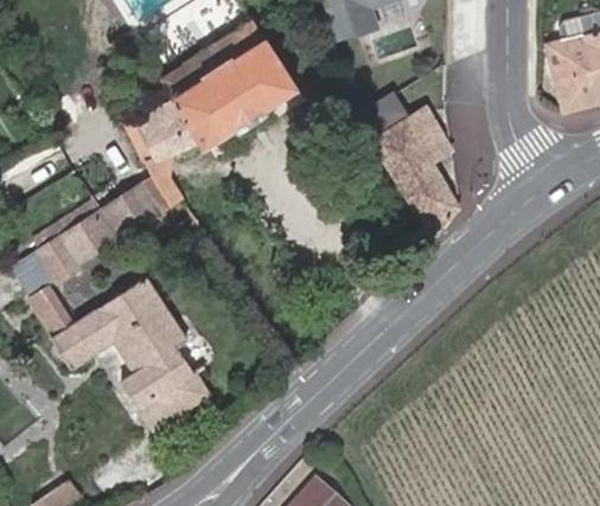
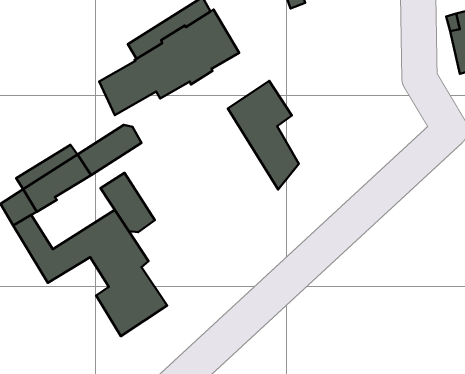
building: [375,107,460,237] -> [228,81,299,189]
building: none -> [101,173,155,232]

